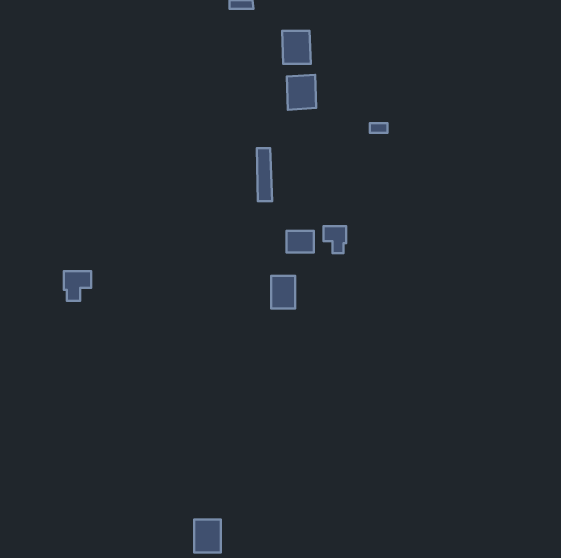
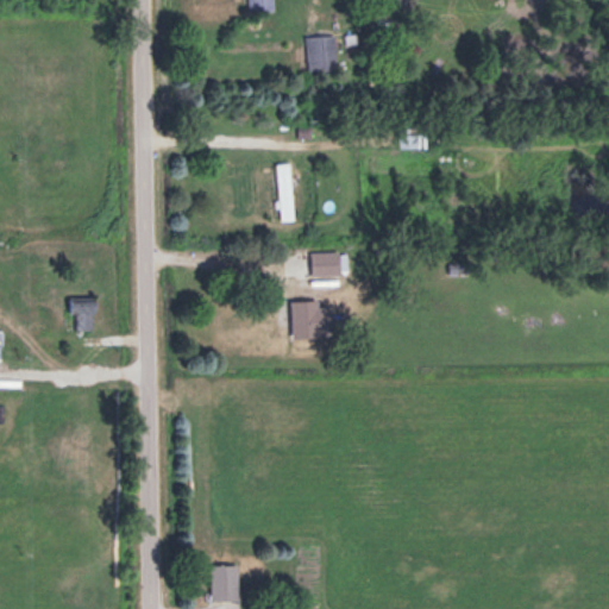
building: [287,75,316,110] -> none
building: [324,226,346,253] -> none

